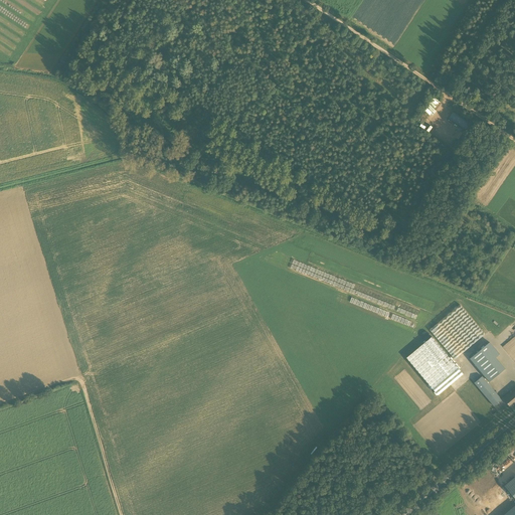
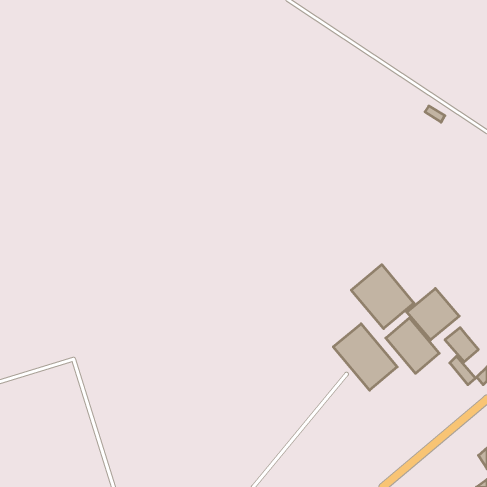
building: none -> [351,265,414,329]
building: none -> [333,324,397,390]

